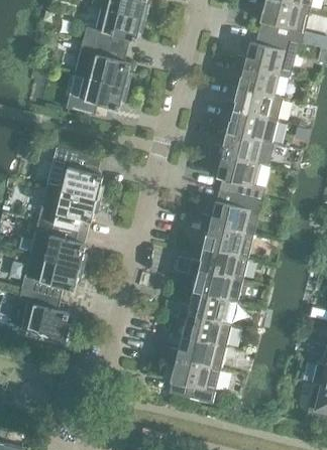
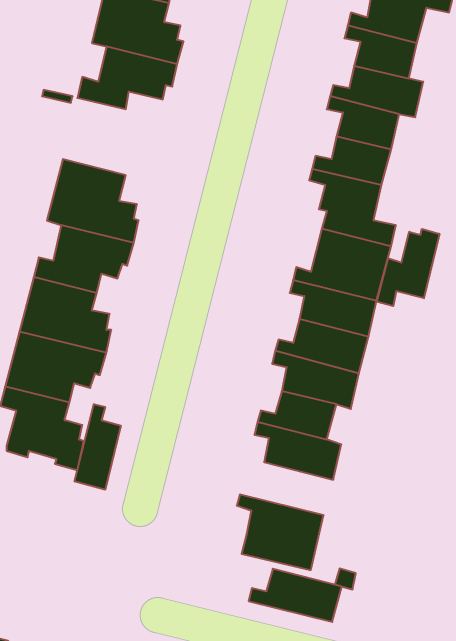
building: none -> [377,229,439,306]
building: none -> [75,404,121,490]
building: [169,335,227,368] -> [249,569,342,622]

